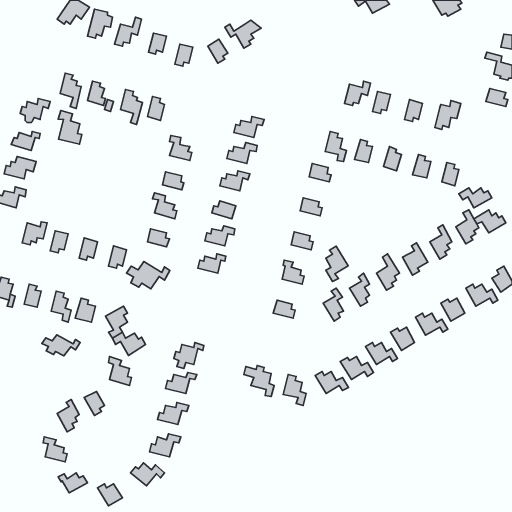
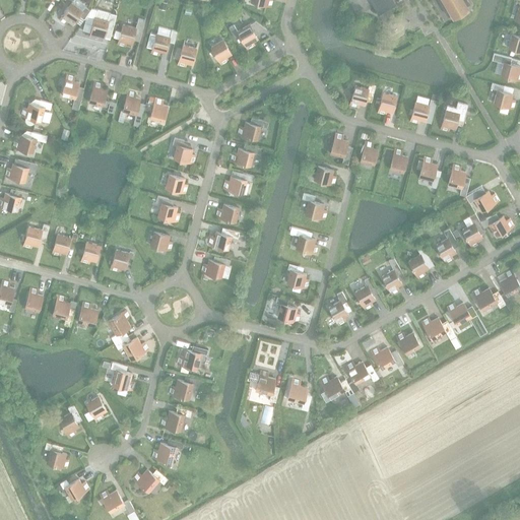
building: [58,111,82,144] -> none
building: [326,246,348,282] -> none
building: [126,262,170,289] -> none
building: [42,335,80,356] -> none

